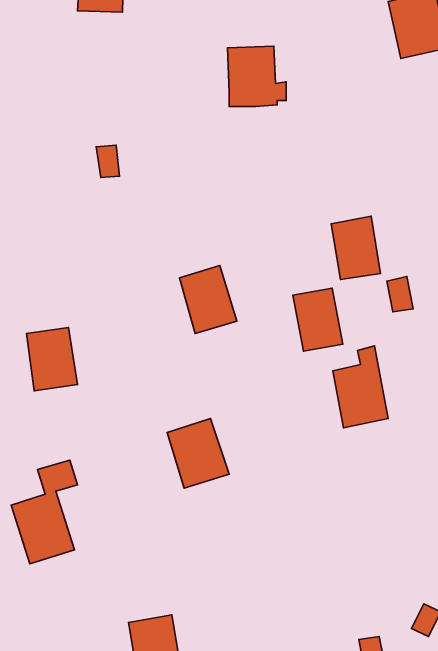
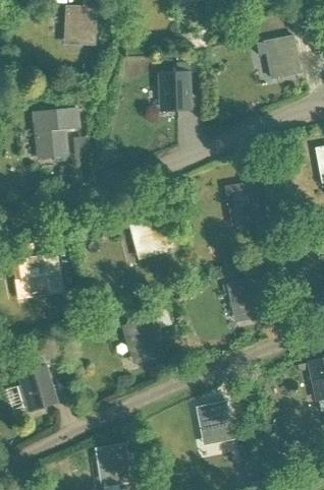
building: none -> [34,106,78,161]
building: [293,288,343,351] -> none
building: none -> [198,402,233,445]

